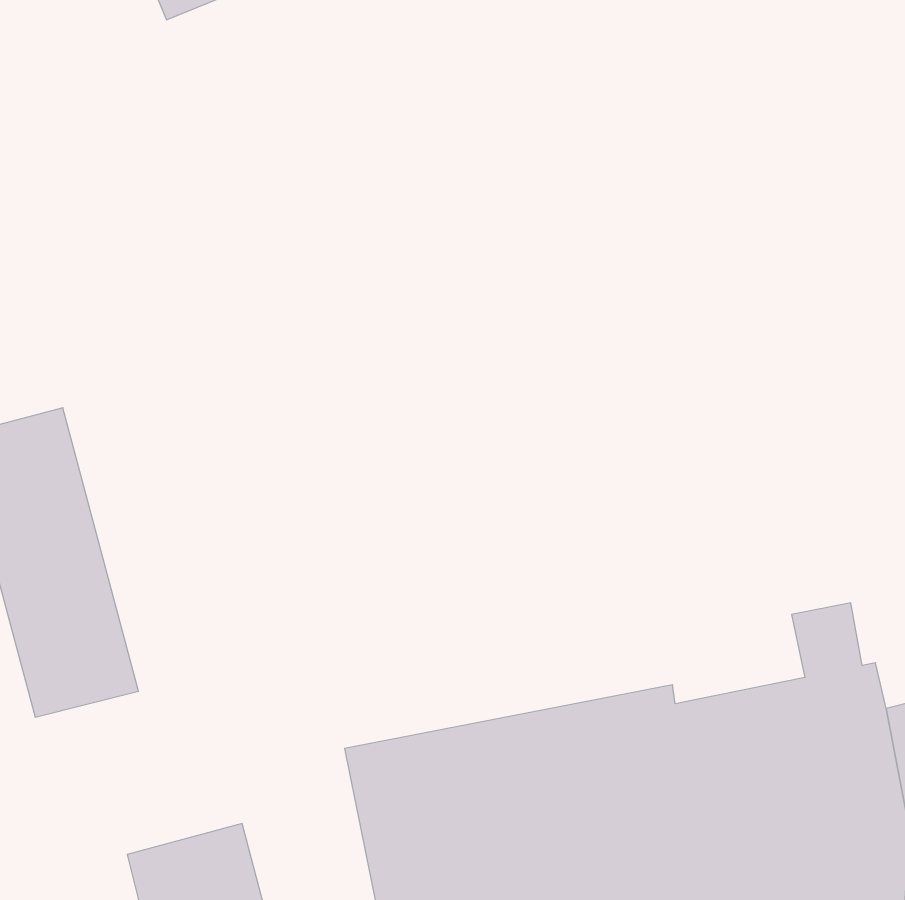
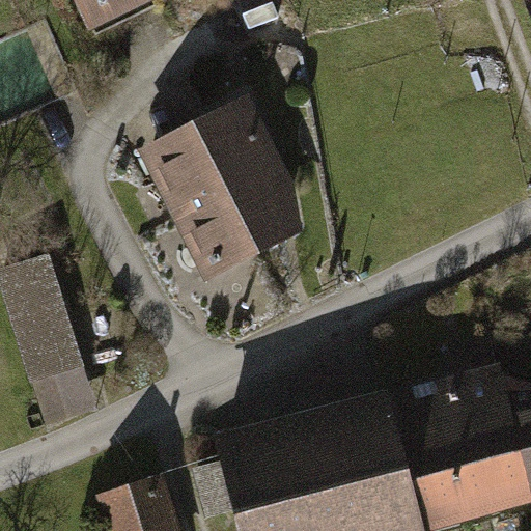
building: none -> [136,90,318,281]

